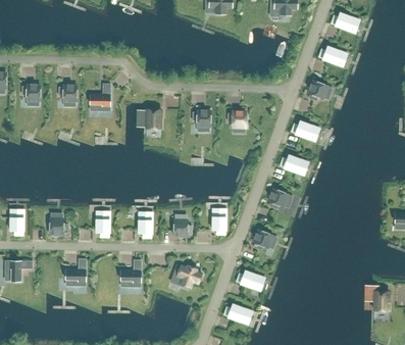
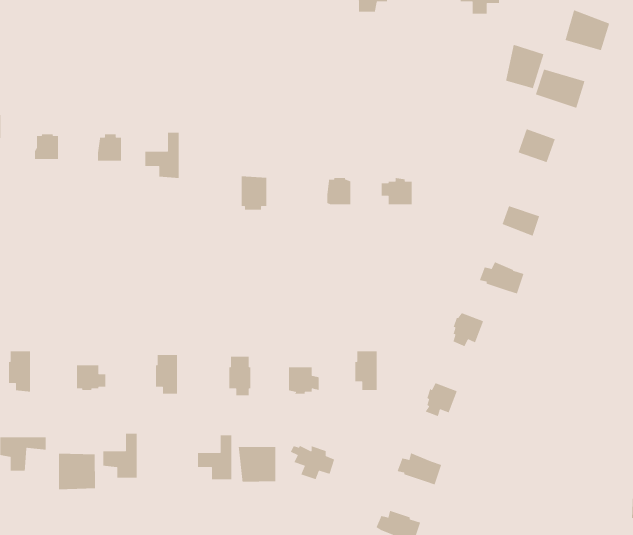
building: none -> [505,44,544,89]
building: none -> [238,446,276,483]
building: none -> [58,453,96,490]

